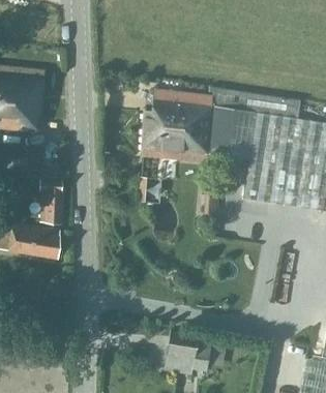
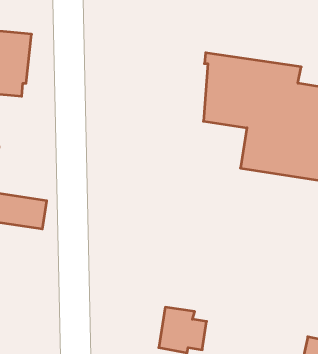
building: [142,91,213,160] -> none
building: [40,179,61,223] -> none

